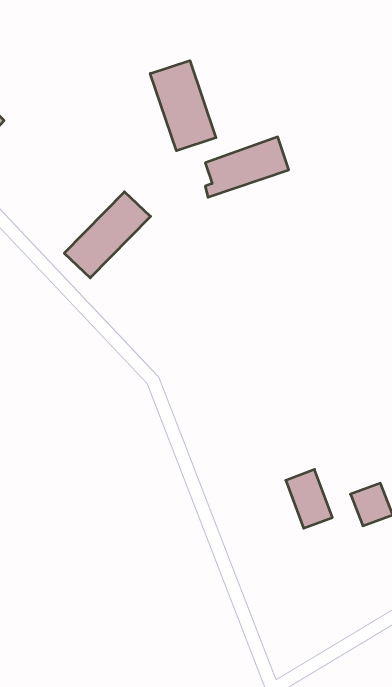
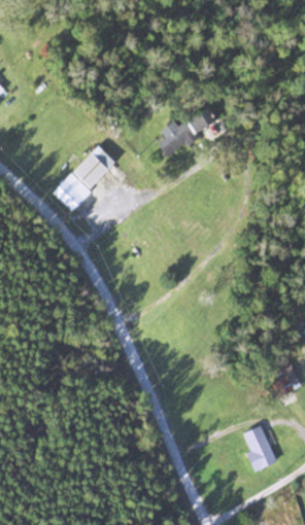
building: [150,61,216,151] -> none
building: [286,469,332,528] -> [242,426,277,470]

